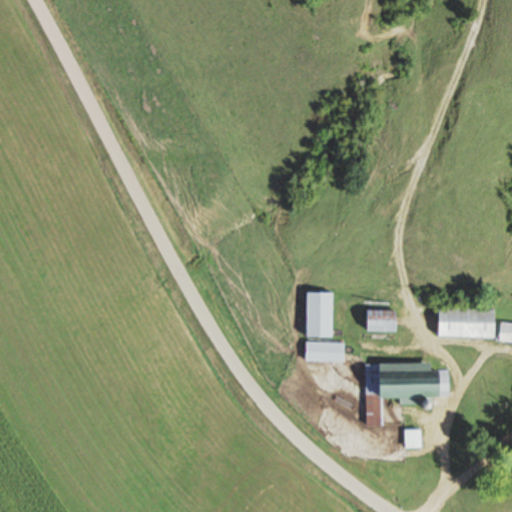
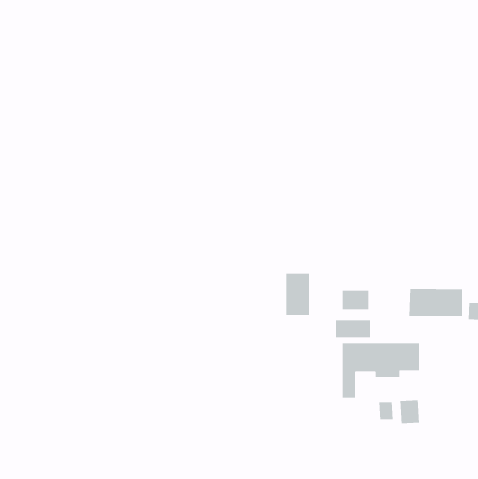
building: [305,342,343,361] -> [335,320,371,338]
building: none -> [400,400,419,424]

